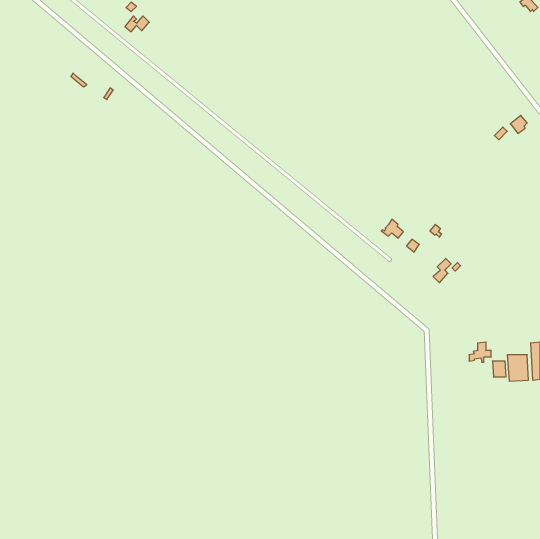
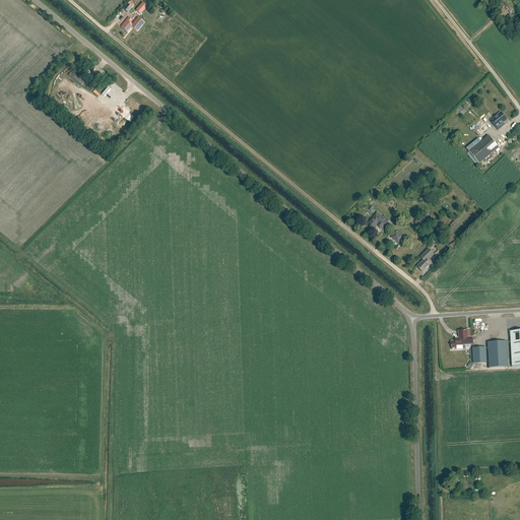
building: none -> [468,134,498,162]

